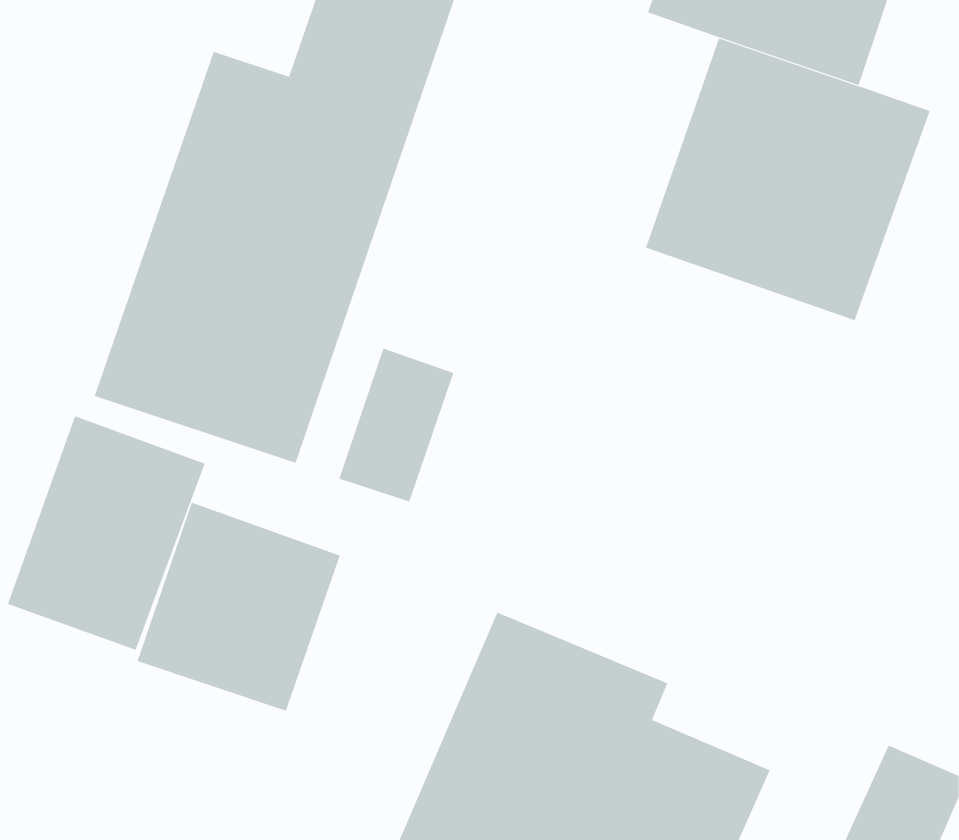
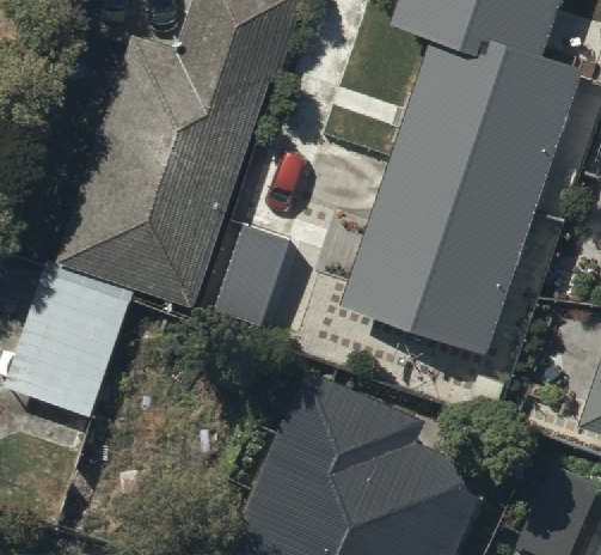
building: none -> [356,164,534,343]
building: [137,502,340,712] -> none

